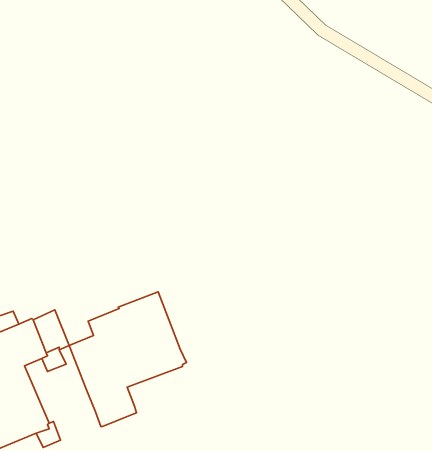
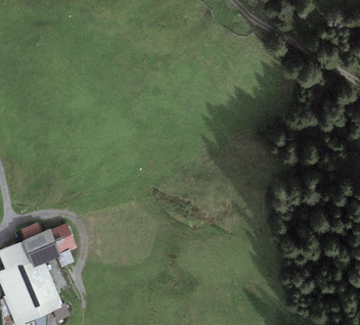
building: [69,292,186,426] -> none

